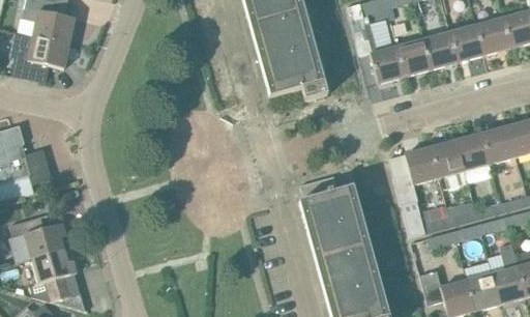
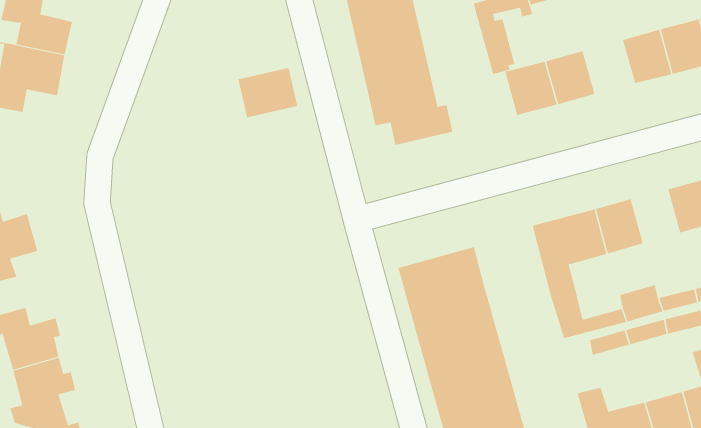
building: [423,31,459,68] -> none
building: none -> [238,67,298,118]
building: [457,134,490,171] -> none

